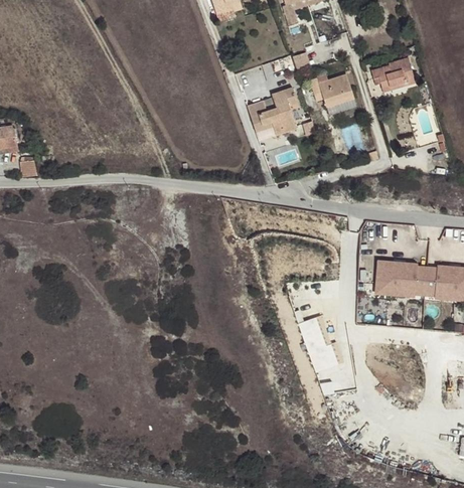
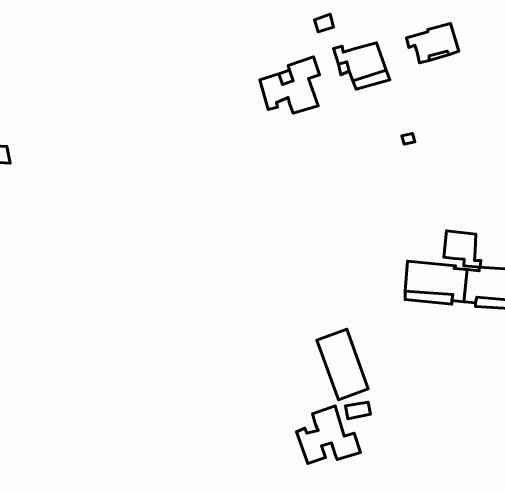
building: none -> [444,231,481,267]
building: none -> [296,406,360,463]

